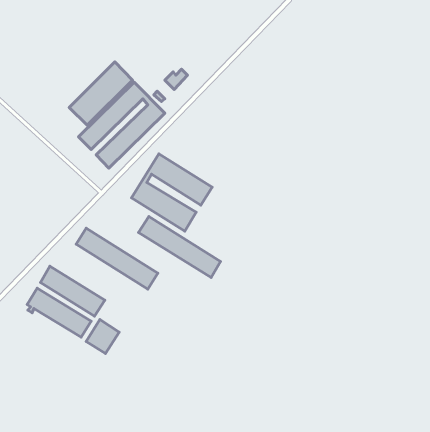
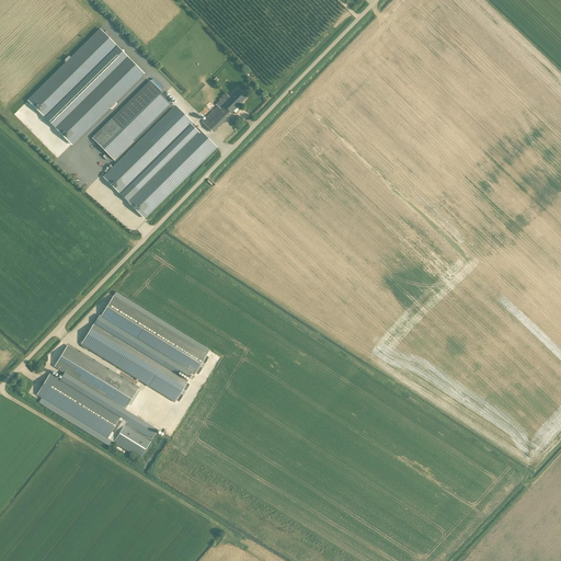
building: none -> [26,30,141,145]
building: [131,154,212,231] -> none
building: [139,217,221,277] -> [79,323,185,402]

